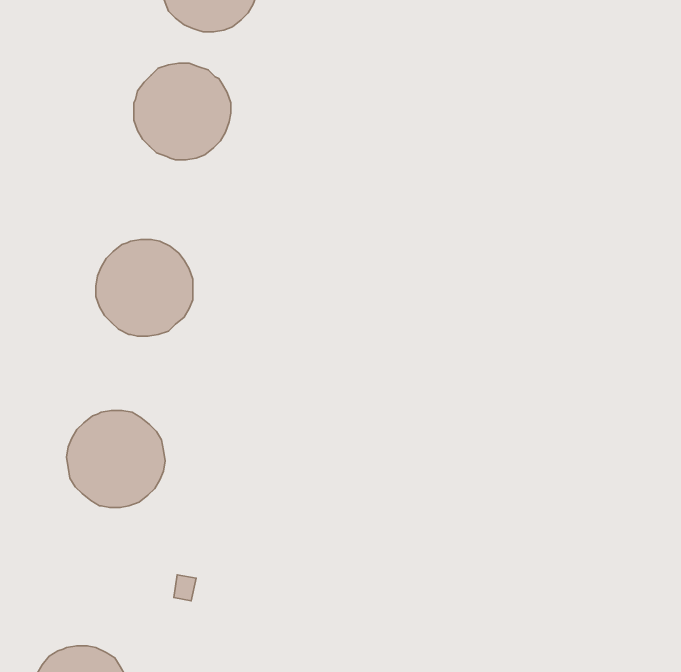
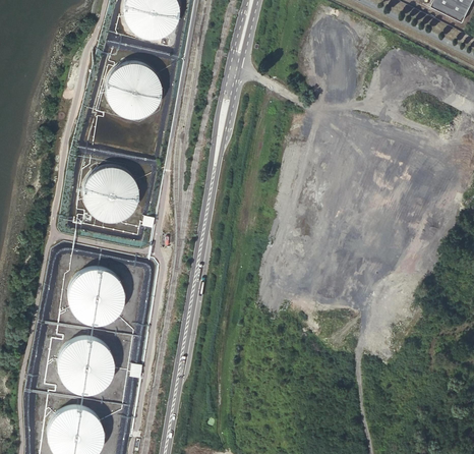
building: none -> [56,336,113,393]

